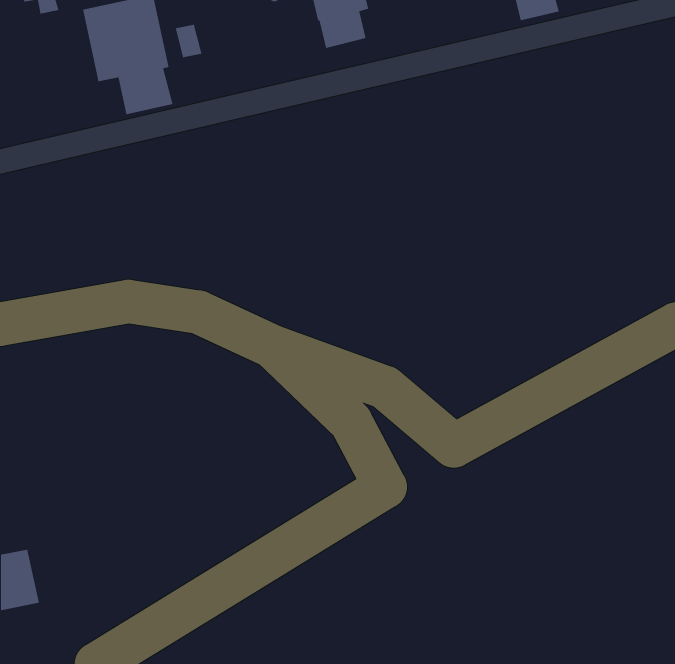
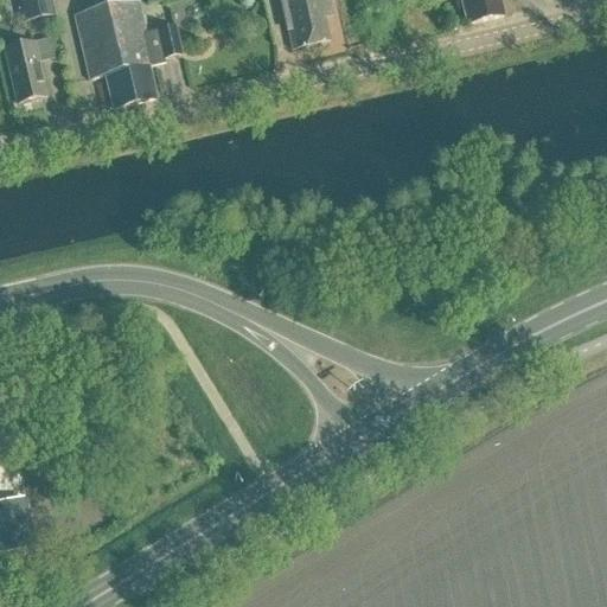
building: none -> [7,38,46,100]

